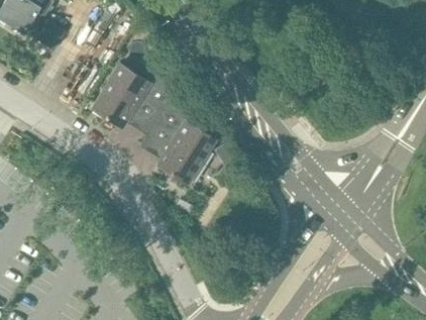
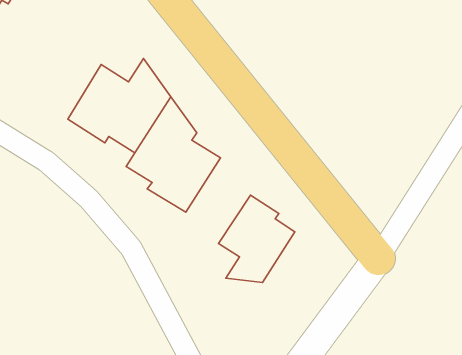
building: none -> [218,195,295,283]

